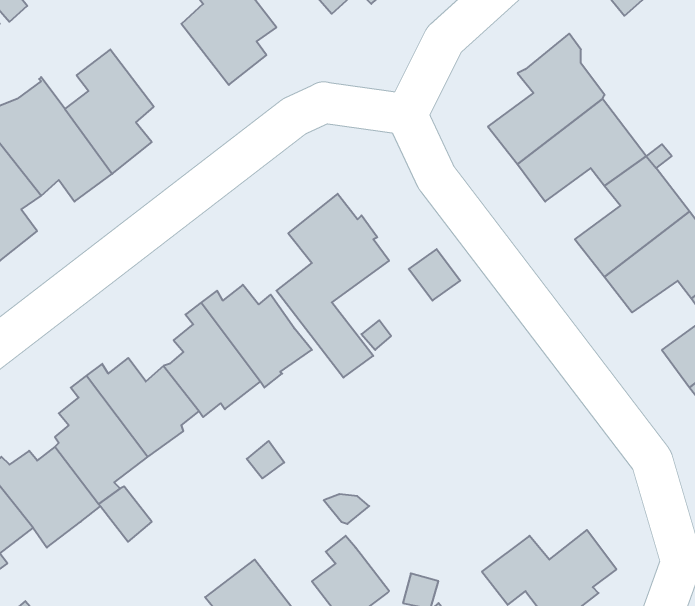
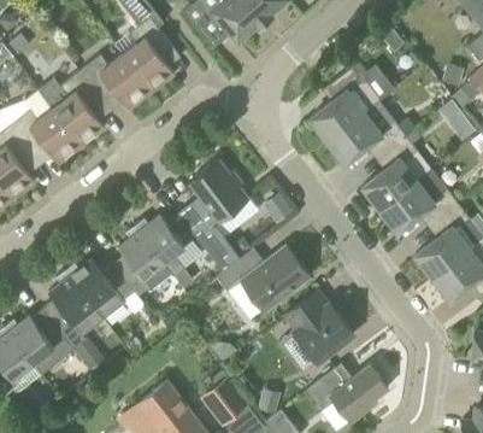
building: none -> [79,55,152,110]
building: none -> [216,246,310,312]
building: none -> [284,291,354,363]

